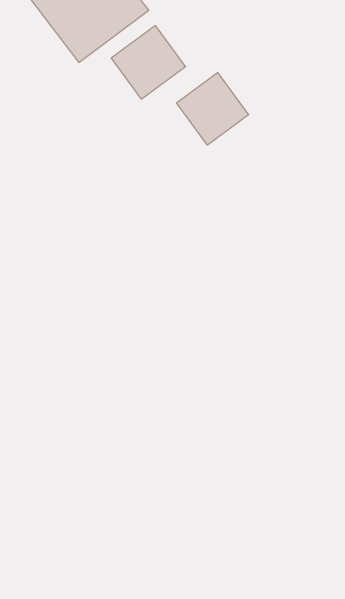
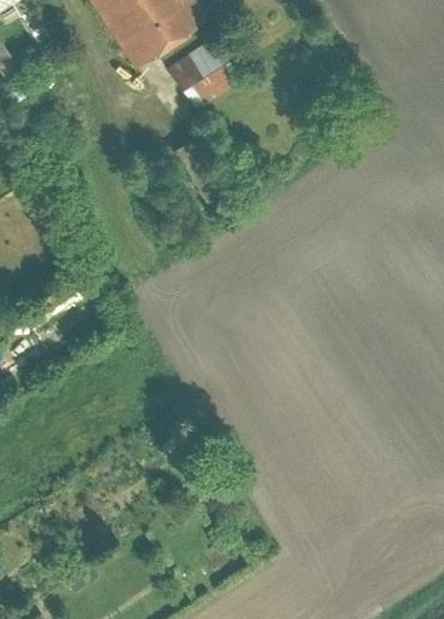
building: [177,73,249,145] -> none

